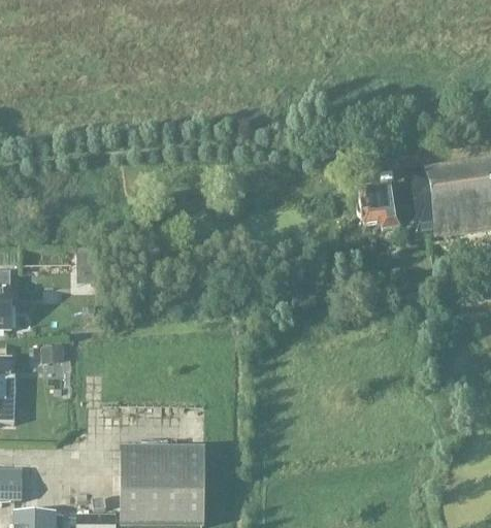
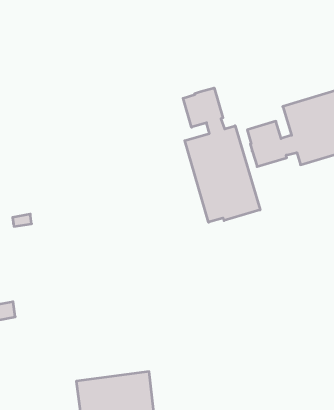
building: none -> [183,88,260,222]

